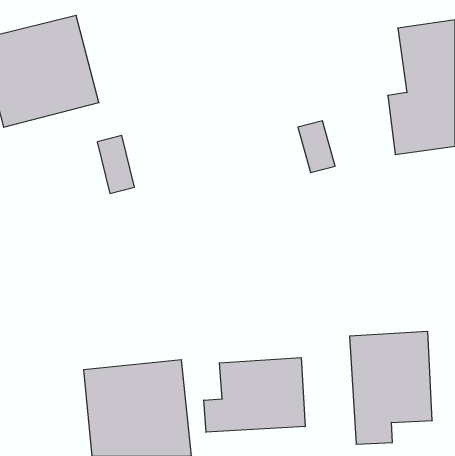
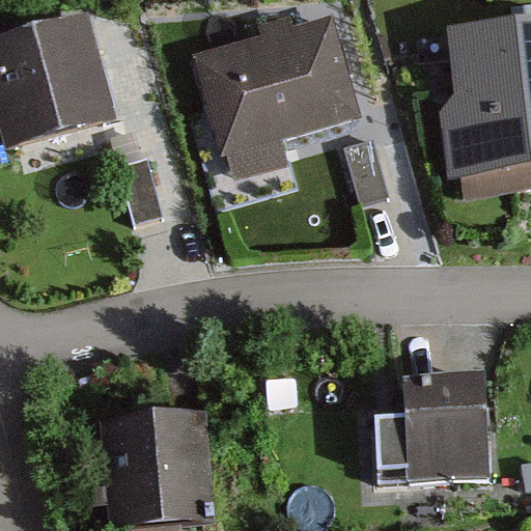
building: none -> [191,11,362,181]
building: [204,358,305,432] -> none

